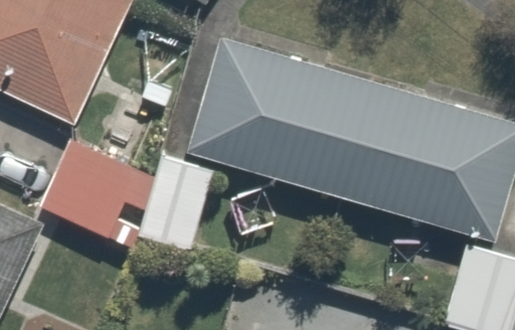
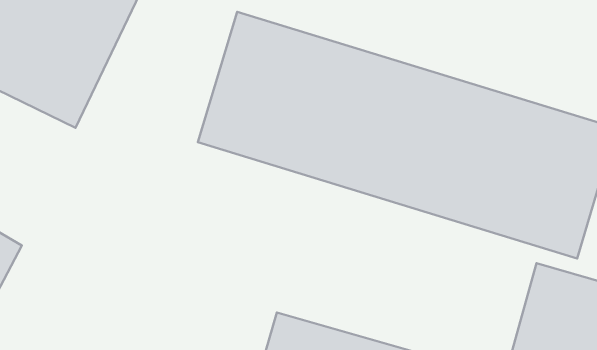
building: [35,142,156,257] -> none

